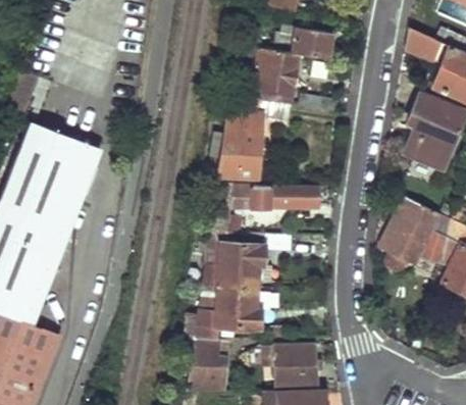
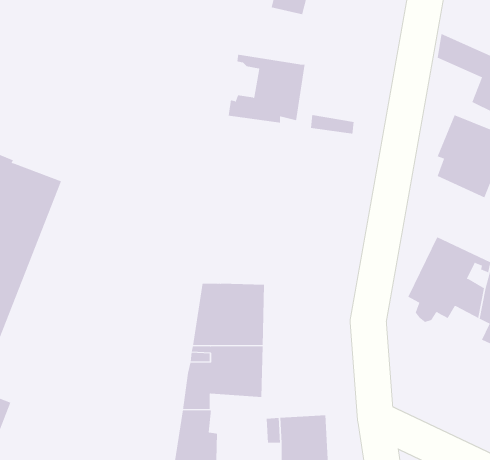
building: [294,27,335,59] -> none
building: [220,97,287,180] -> none
building: [212,184,319,236] -> none

